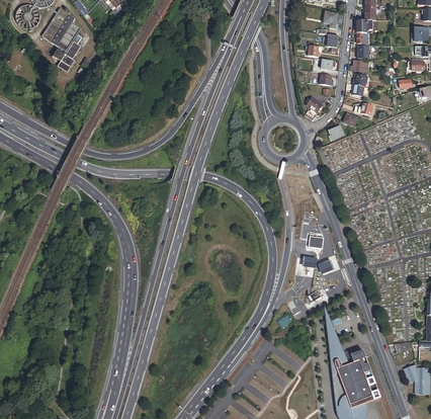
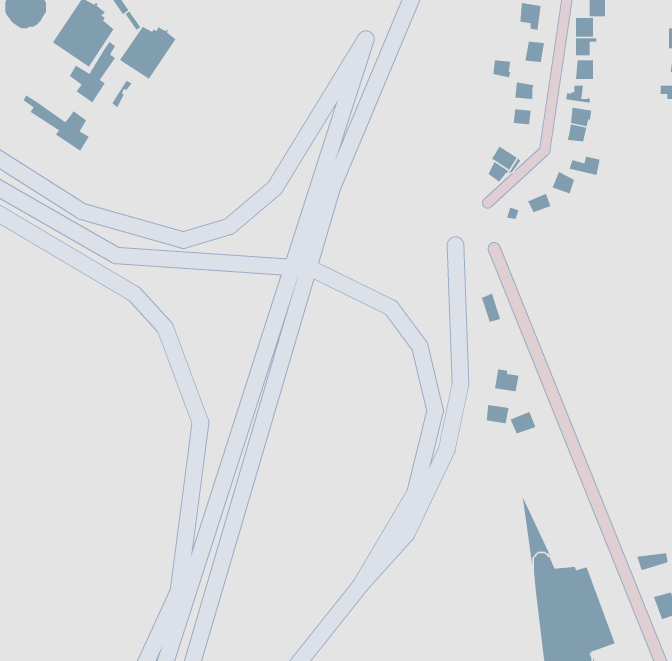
building: none -> [119,26,176,80]
building: none -> [22,94,90,152]

